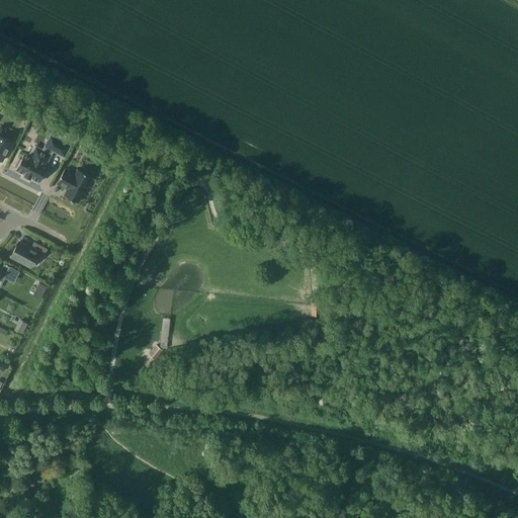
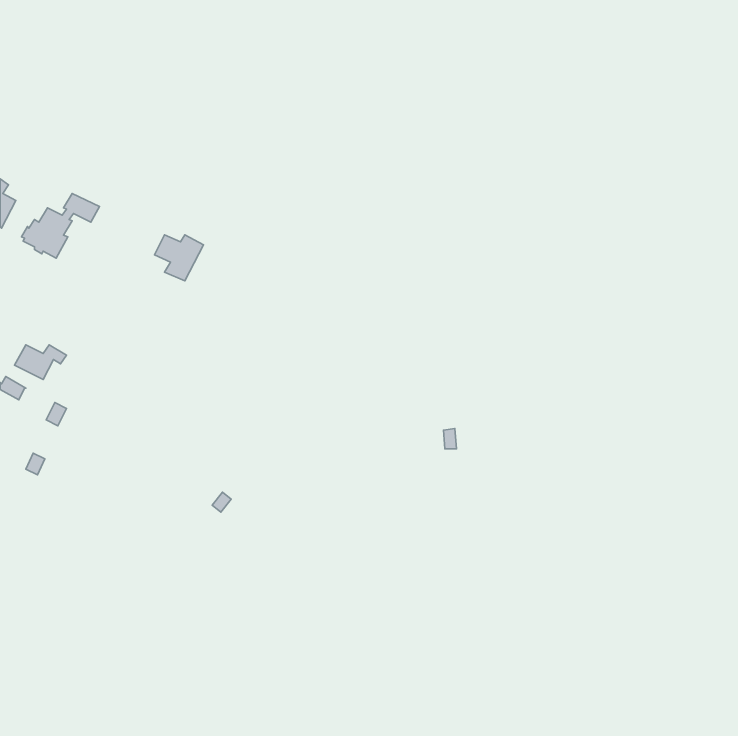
building: [57,170,91,202] -> [154,235,204,281]

